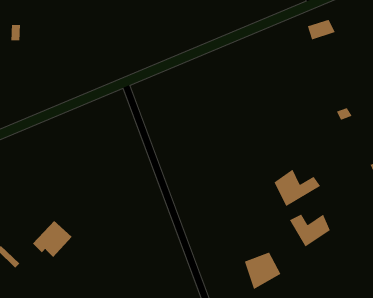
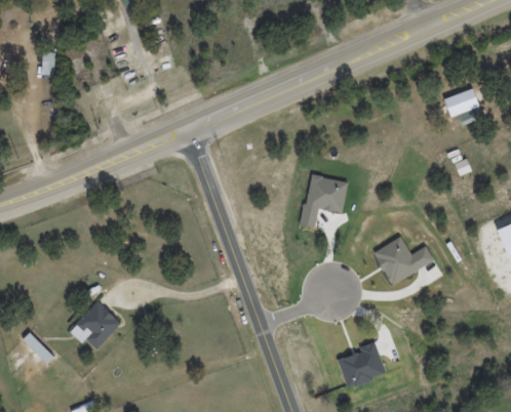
building: [307,19,336,40] -> [445,88,482,116]
building: none -> [301,173,349,226]
building: [289,213,331,248] -> none

